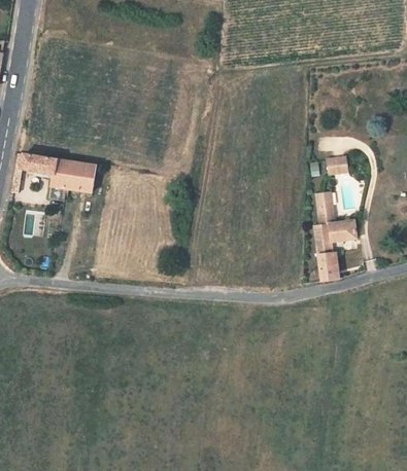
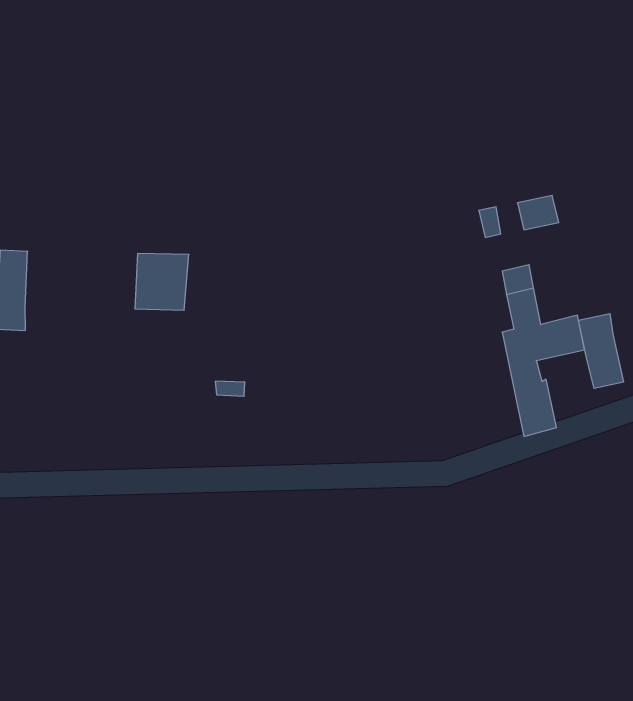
building: [66,160,97,192] -> [135,254,189,310]
building: none -> [578,314,623,388]

